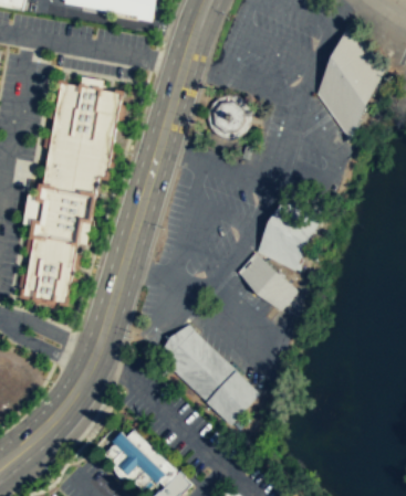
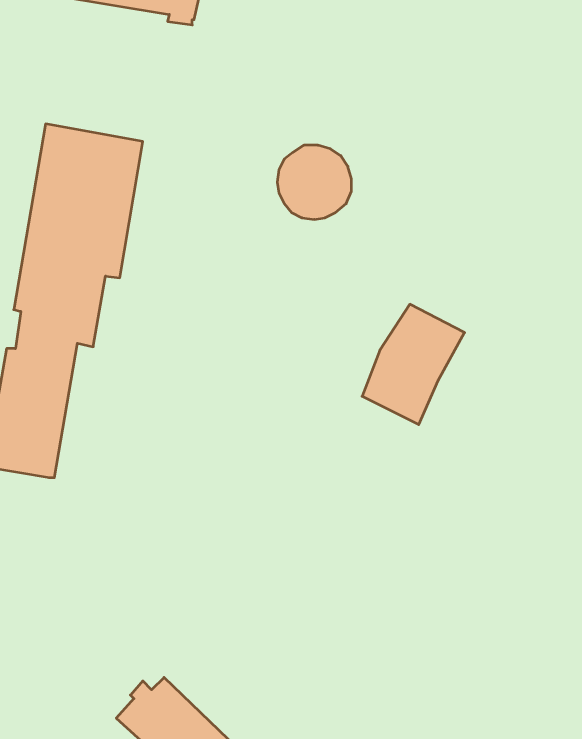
building: [316,27,382,141] -> none
building: [239,254,296,312] -> none
building: [159,325,260,424] -> none

